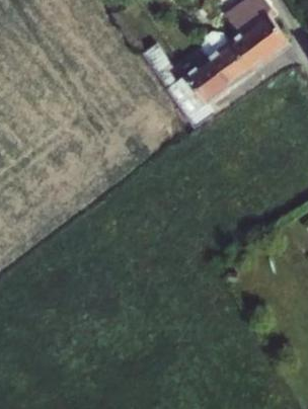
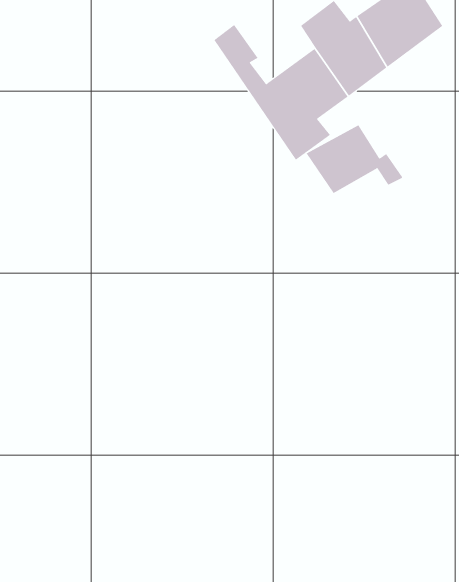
building: none -> [306,125,403,194]

